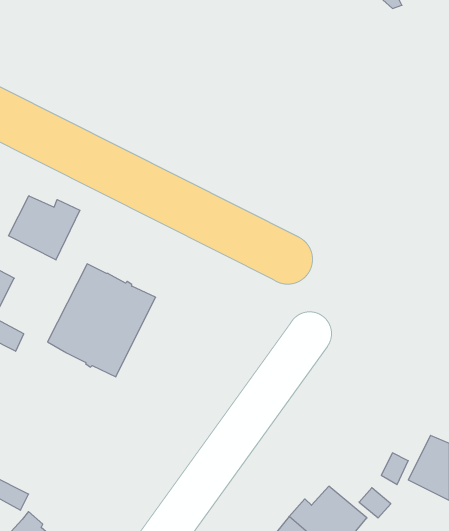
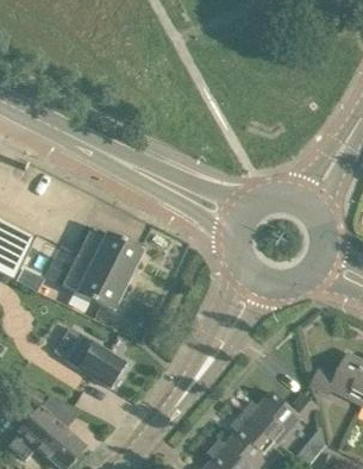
building: [9,196,80,260] -> none
building: none -> [63,334,124,387]

